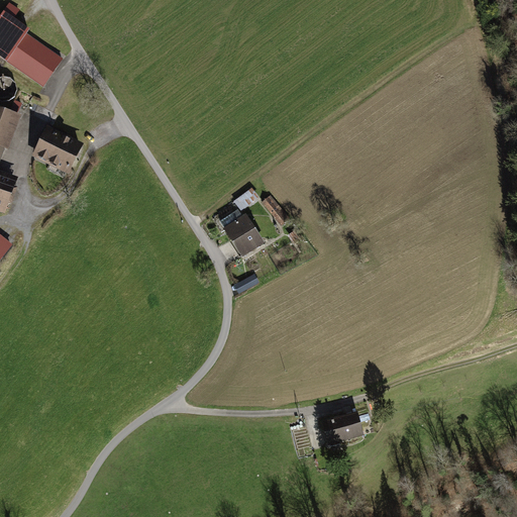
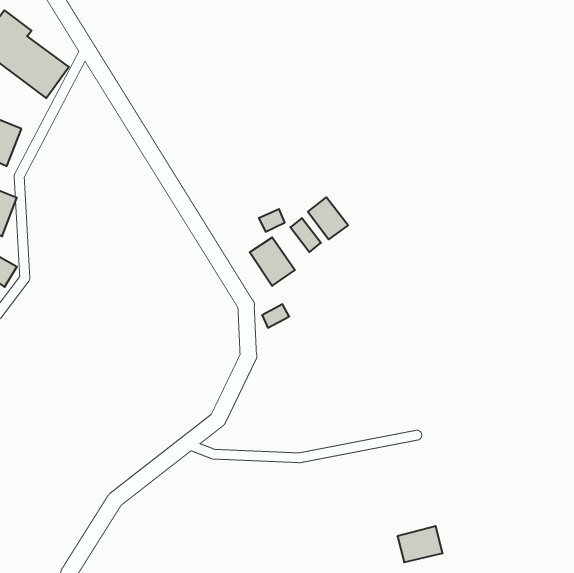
building: [33,127,78,170] -> none
building: none -> [308,197,348,239]
building: [321,410,361,442] -> [397,526,443,562]

